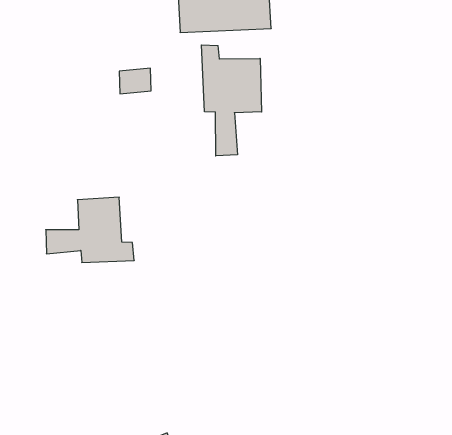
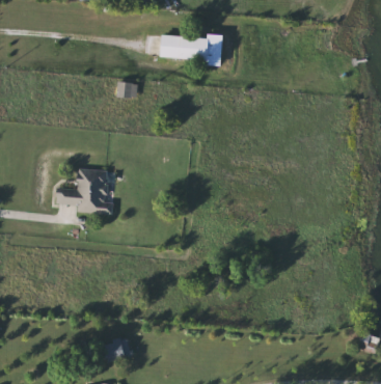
building: [202,45,262,156] -> none

